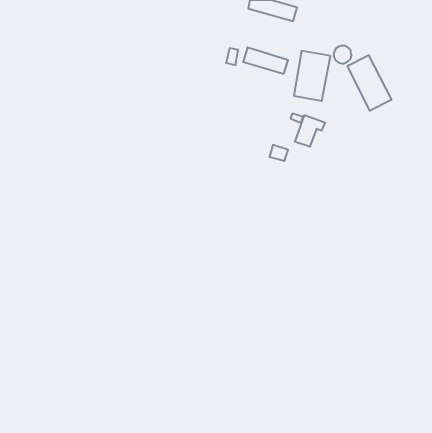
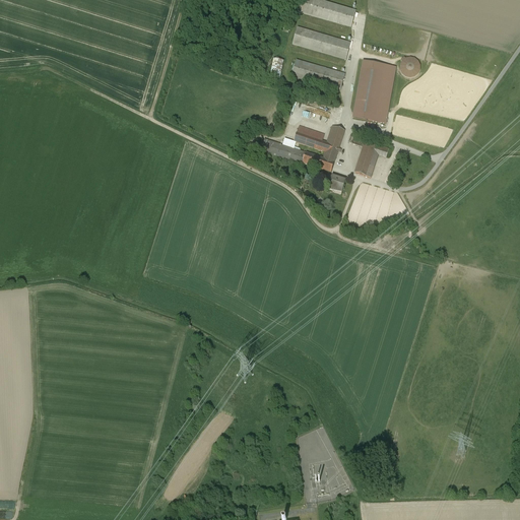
building: none -> [292,26,352,59]
building: [348,55,391,111] -> none
building: none -> [261,124,345,173]

